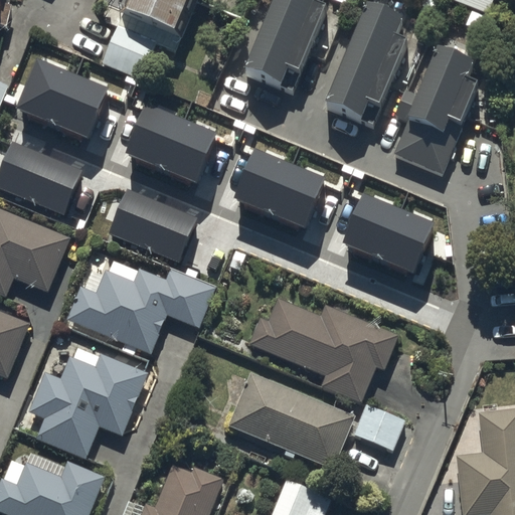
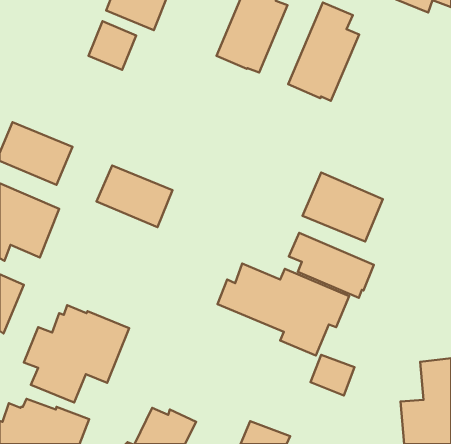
building: [395,46,480,163] -> none
building: [19,61,110,140] -> none
building: [128,107,218,184] -> none
building: [235,151,327,229] -> none
building: [66,260,215,354] -> none
building: none -> [289,233,374,298]
building: [226,373,353,471] -> none

